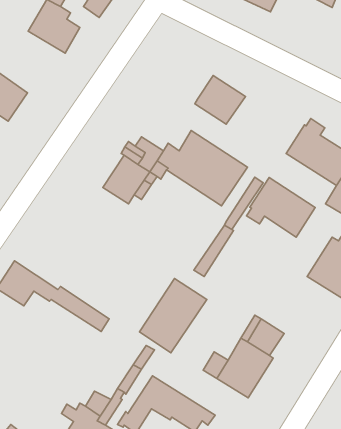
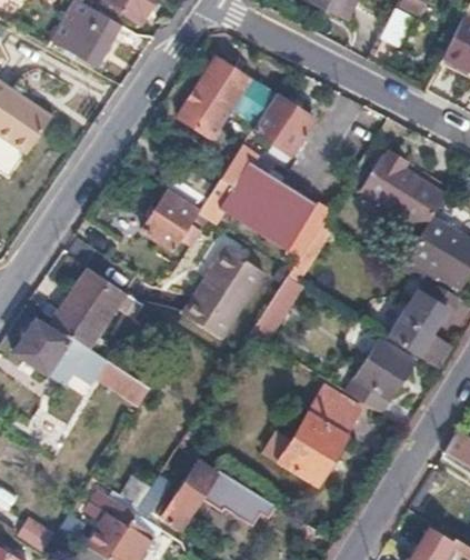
building: none -> [177,57,274,139]
building: [246,177,315,237] -> none
building: none -> [49,269,124,349]
building: none -> [353,340,413,400]
building: [139,278,207,353] -> [182,249,263,339]

